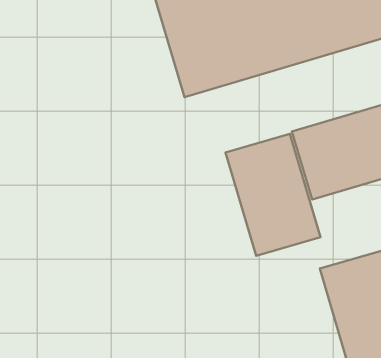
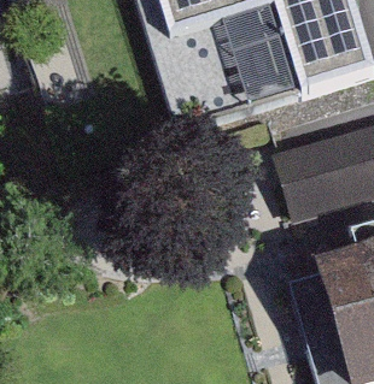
building: [226,134,320,256] -> none

